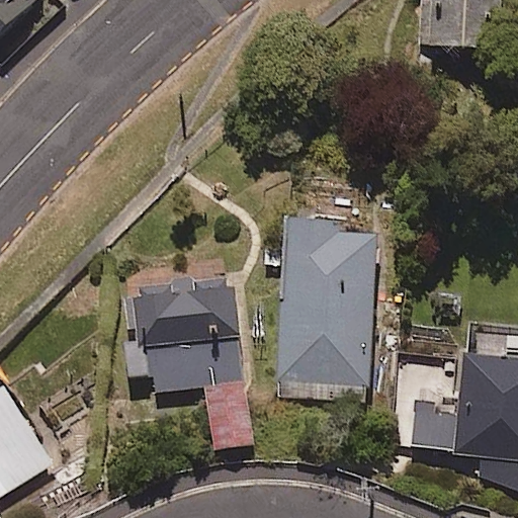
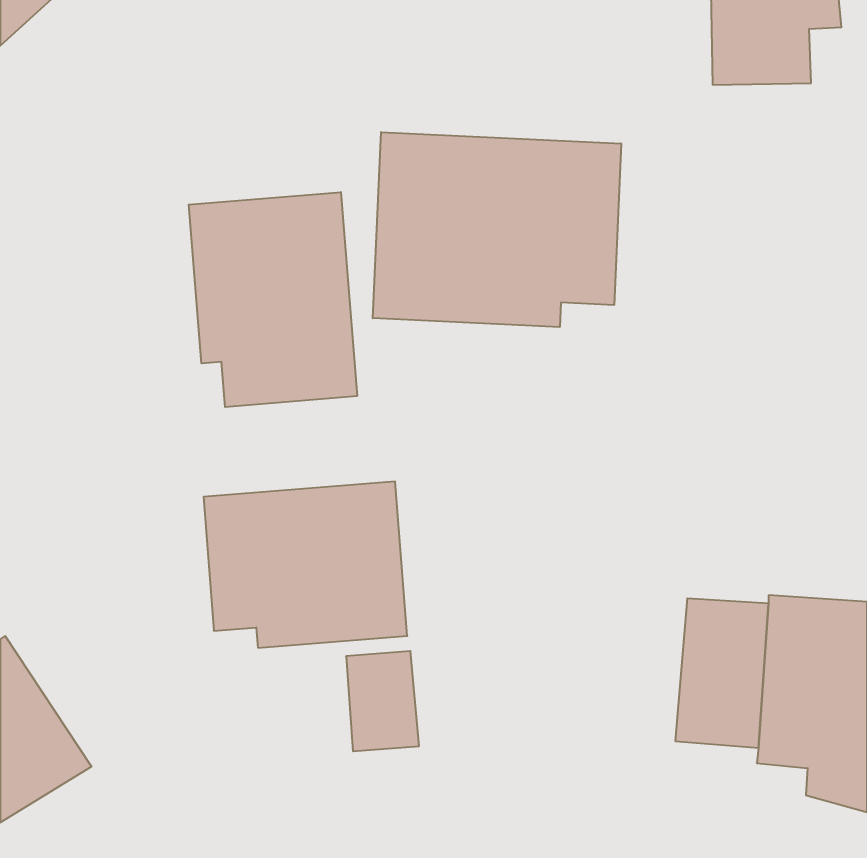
building: none -> [373,132,621,327]
building: none -> [189,192,357,407]
building: [278,221,374,384] -> none

